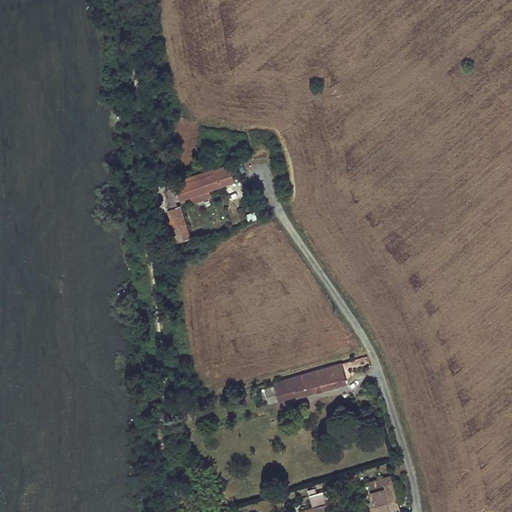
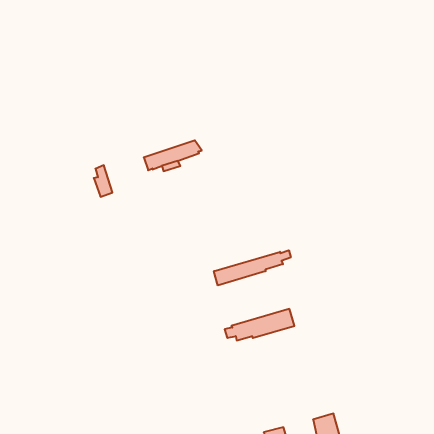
building: [167,205,189,242] -> [94,165,112,197]
building: none -> [214,250,291,285]

